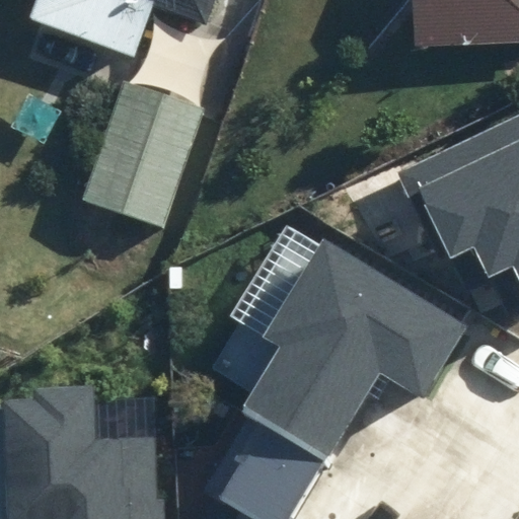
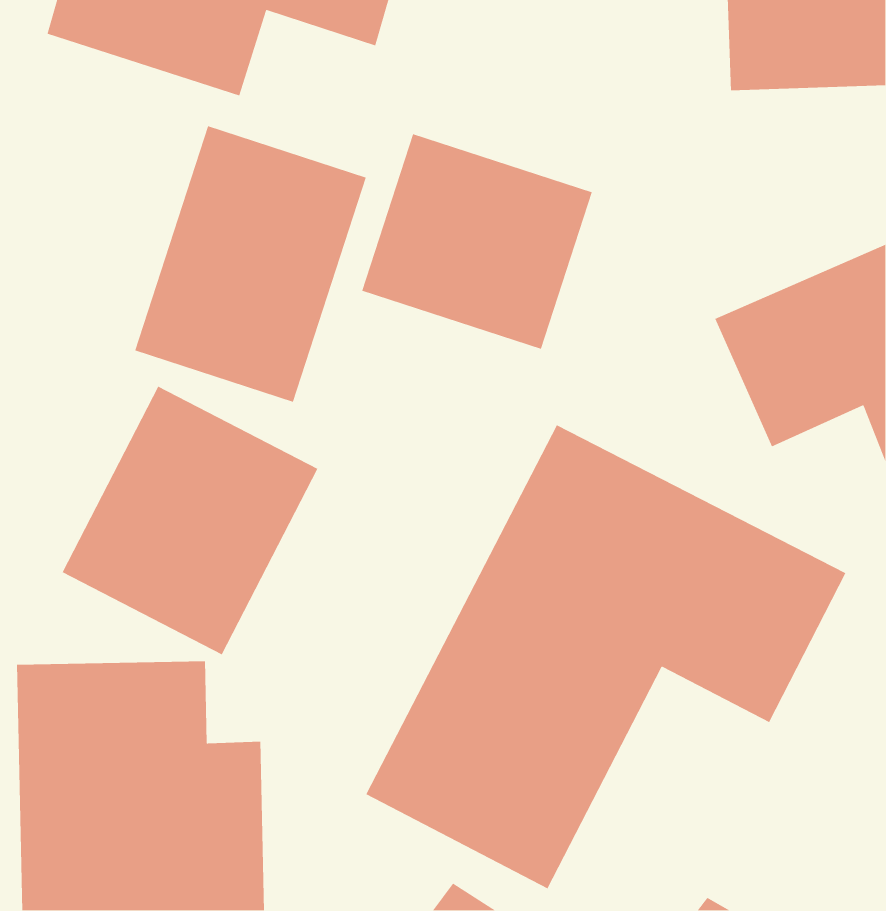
building: none -> [361,133,593,350]
building: none -> [61,385,319,655]

